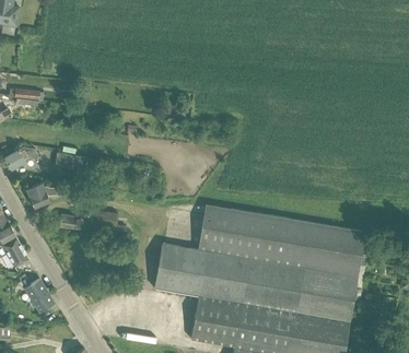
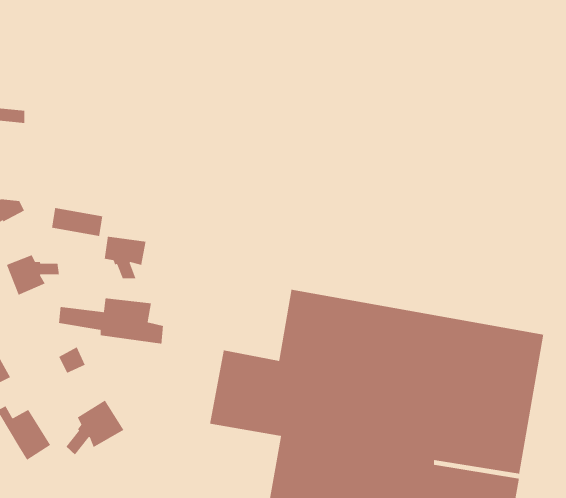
building: none -> [104,236,146,279]
building: none -> [66,400,124,456]

